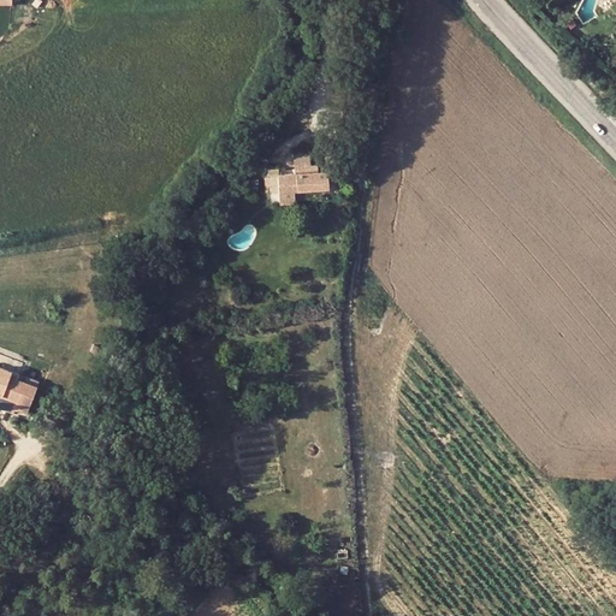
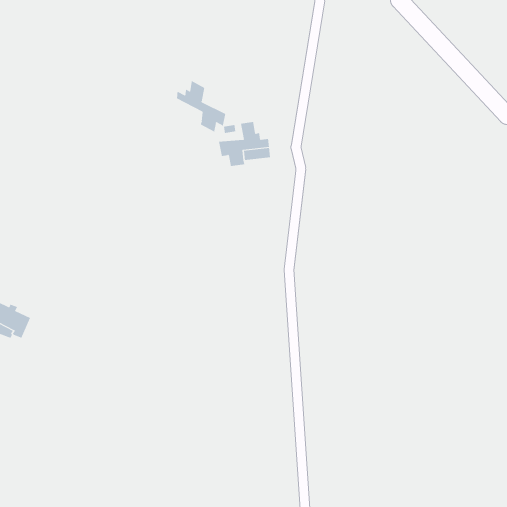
building: none -> [176,80,226,133]

